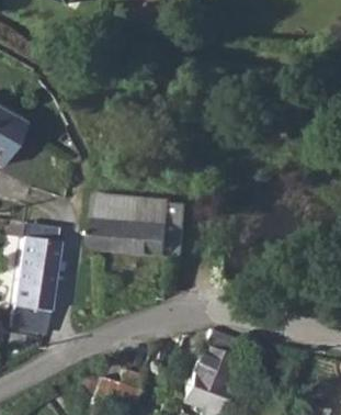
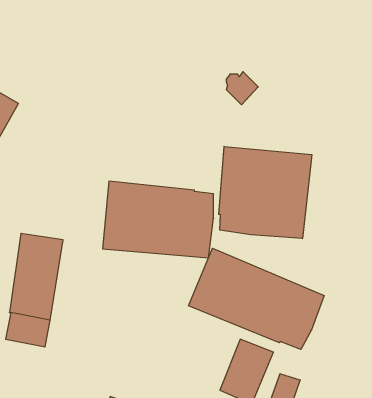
building: none -> [219,146,312,239]
building: none -> [188,248,324,349]

